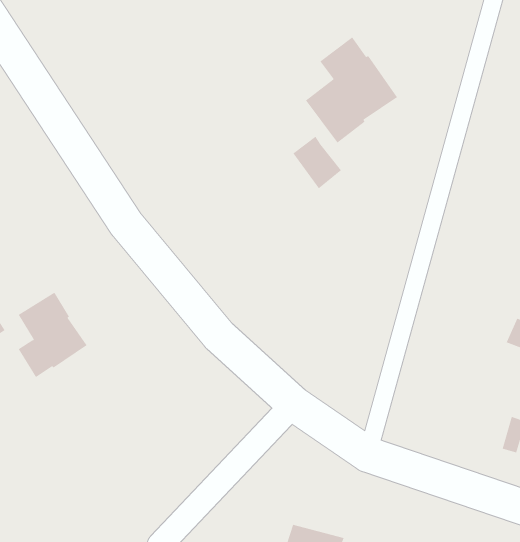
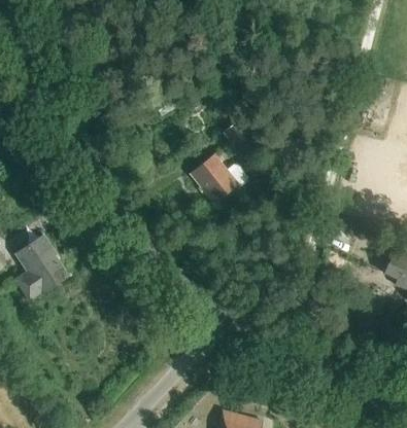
building: [305,36,398,144] -> none
building: none -> [190,155,248,203]

